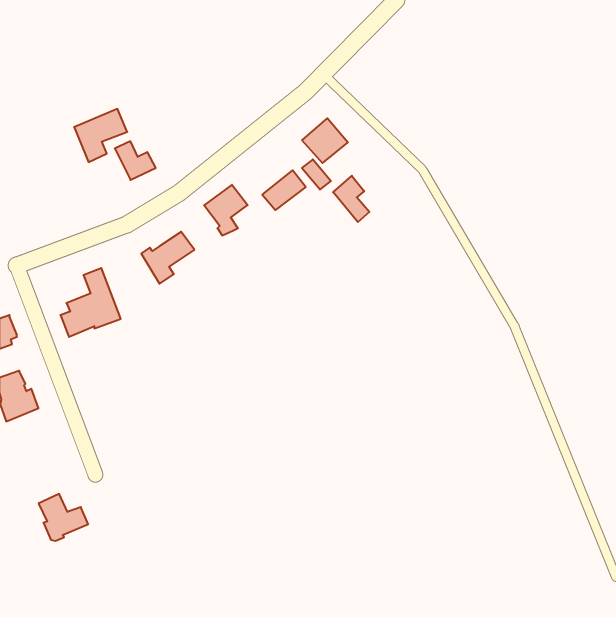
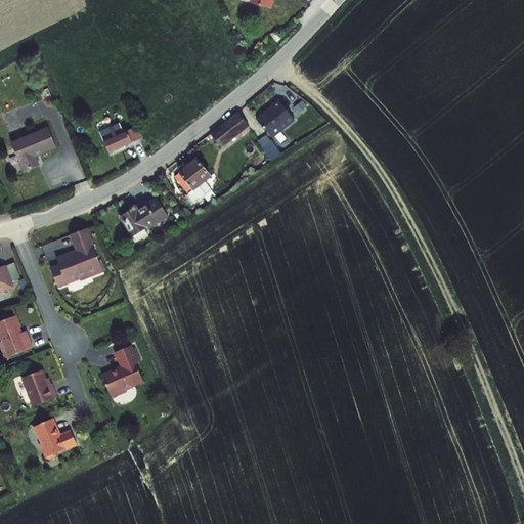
building: [74,109,127,162] -> [9,127,54,172]
building: [262,170,306,210] -> [213,113,250,146]
building: [333,176,369,222] -> none
building: none -> [101,343,143,395]
building: none -> [20,368,55,404]

